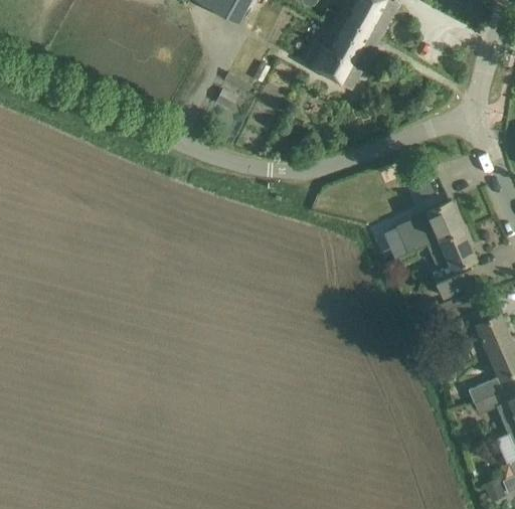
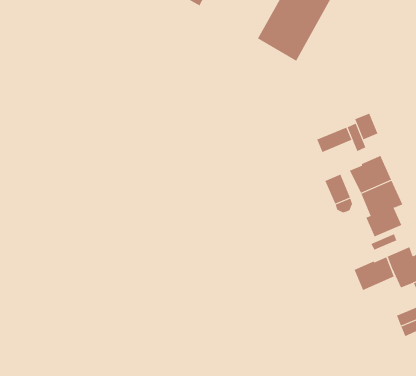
building: none -> [355,113,378,140]
building: none -> [316,127,352,153]
building: none -> [354,256,395,291]

